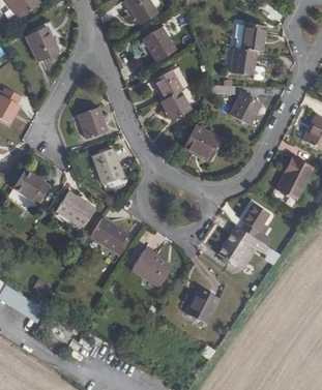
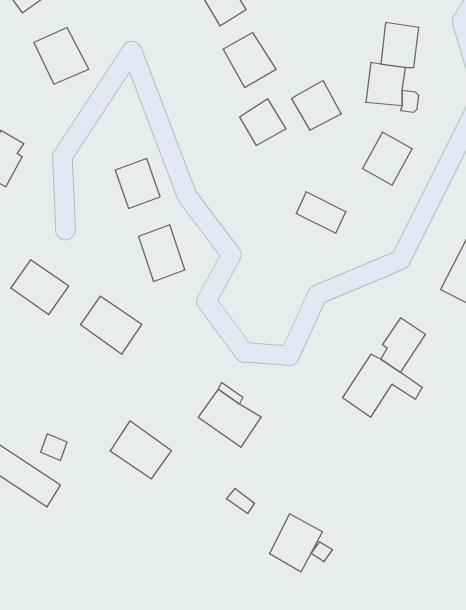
building: [162,89,193,120] -> [292,81,341,130]
building: [87,217,125,253] -> [110,421,171,479]
building: [185,290,218,326] -> [269,514,323,572]

